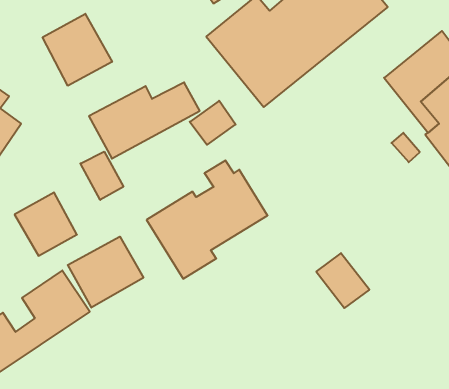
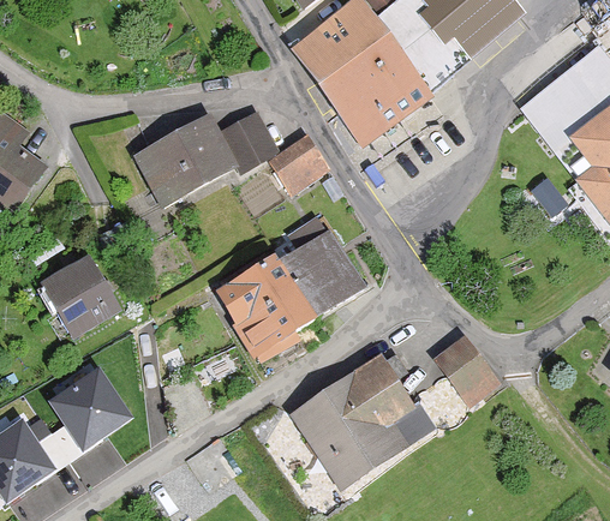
building: [43,14,112,86] -> none
building: [80,152,123,200] -> none
building: [68,237,143,308] -> none
building: none -> [289,354,431,491]

